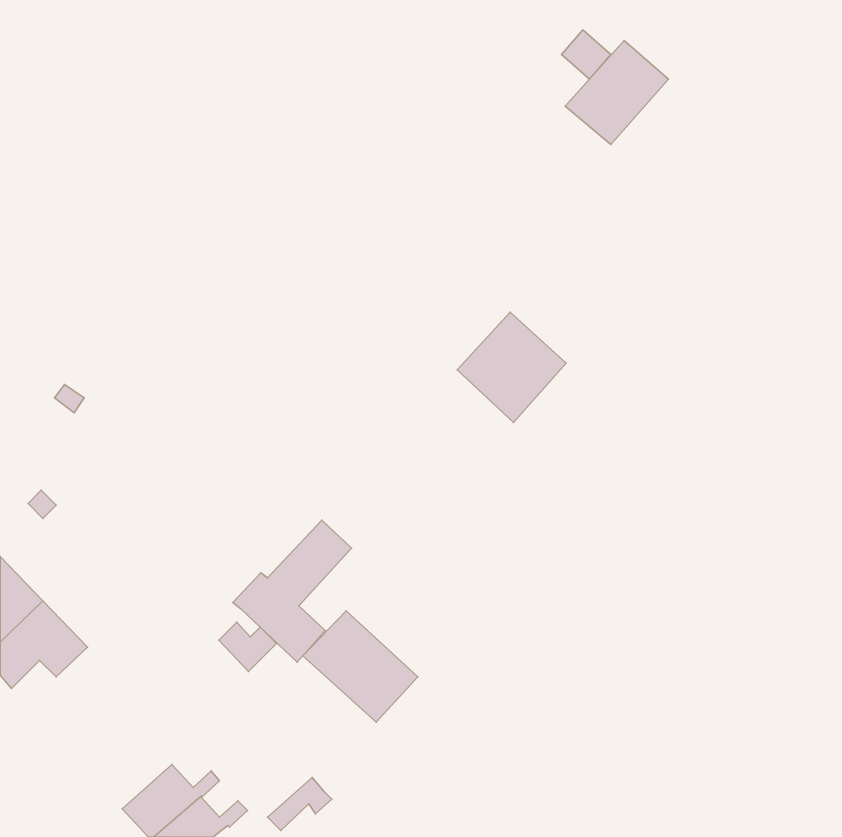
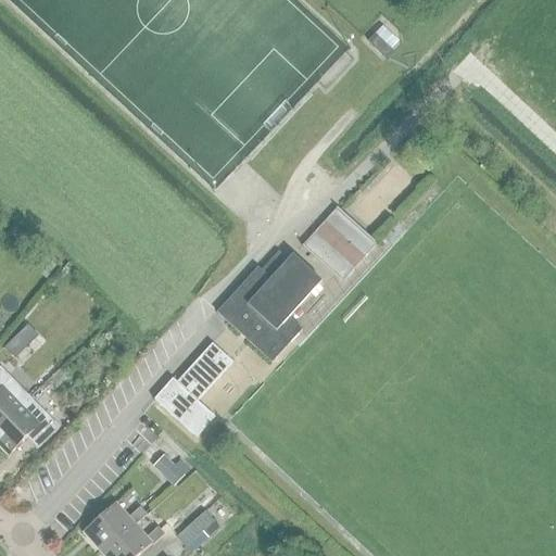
building: [565,40,668,145] -> none
building: none -> [217,249,323,361]
building: [303,611,418,722] -> none
building: [219,622,277,672] -> [154,453,192,485]

